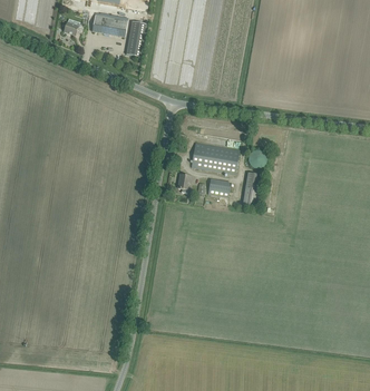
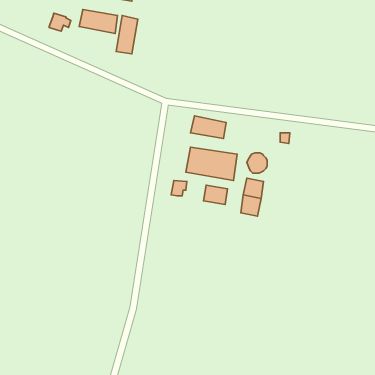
building: none -> [191,116,226,139]

